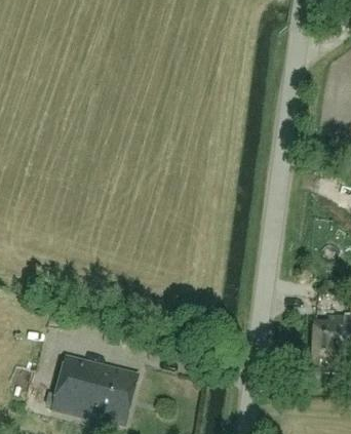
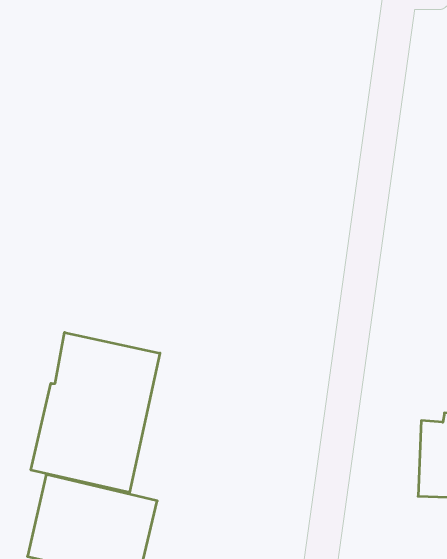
building: none -> [31,332,160,492]

